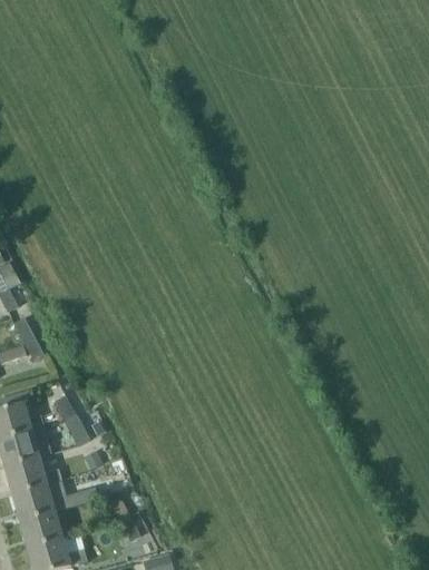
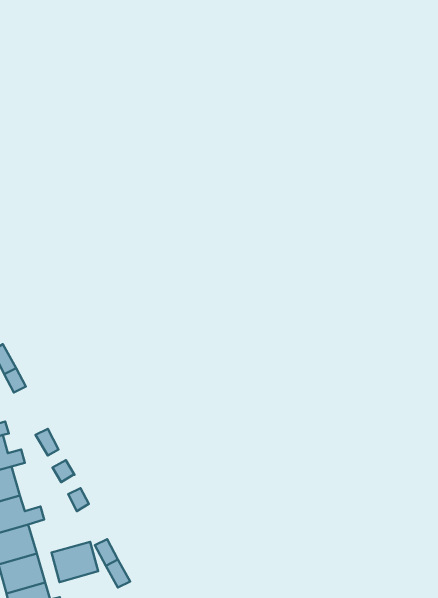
building: none -> [51,542,98,582]

